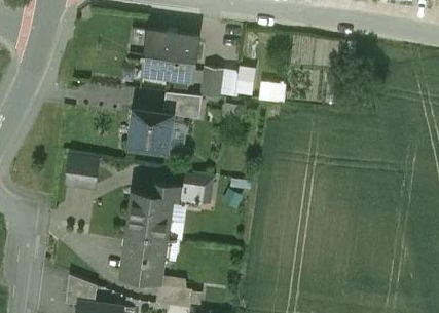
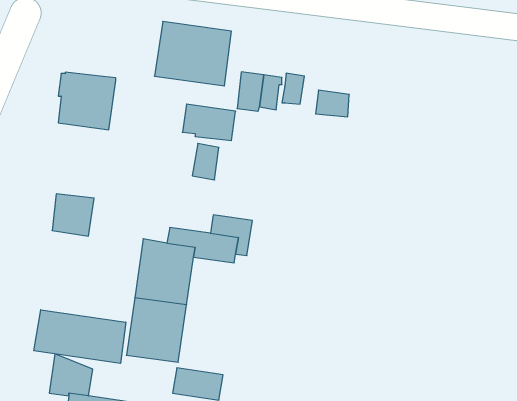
building: [129,110,171,152] -> [58,72,116,130]
building: none -> [34,310,126,363]

